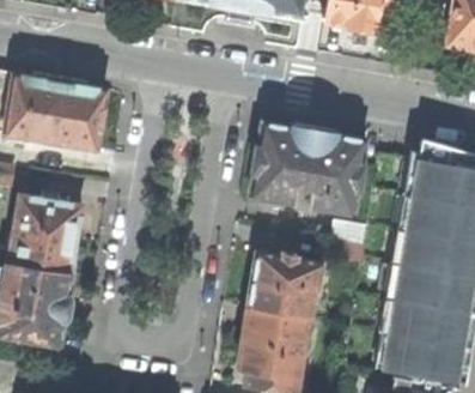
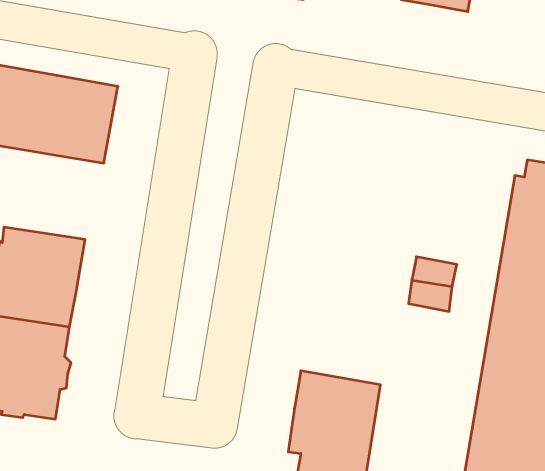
building: [249,121,365,211] -> none
building: [248,250,323,318] -> none

